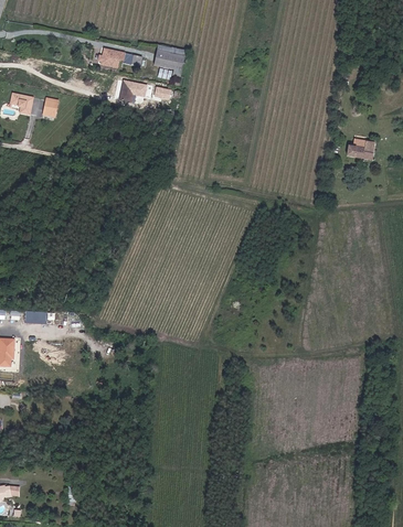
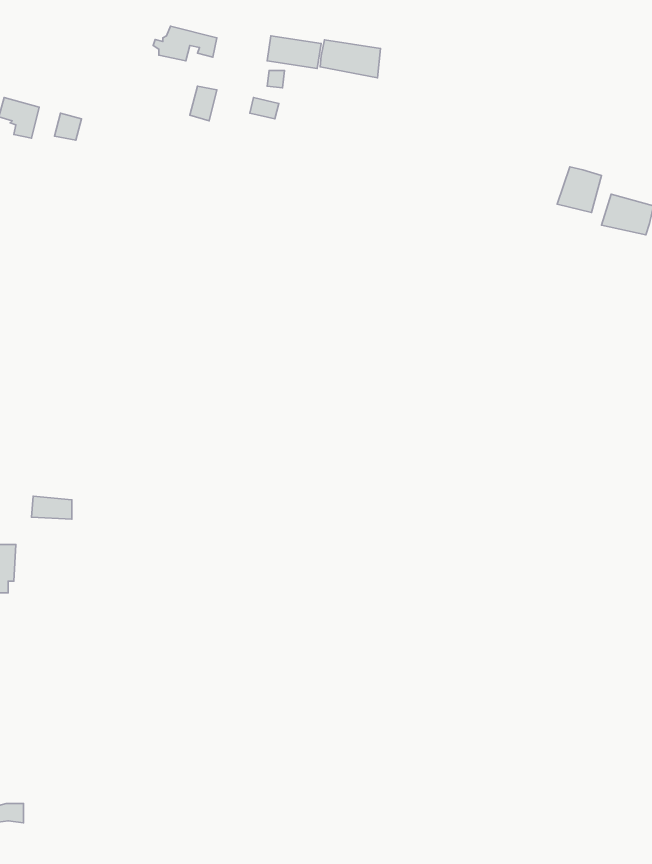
building: none -> [320,40,380,78]
building: none -> [557,167,601,212]

